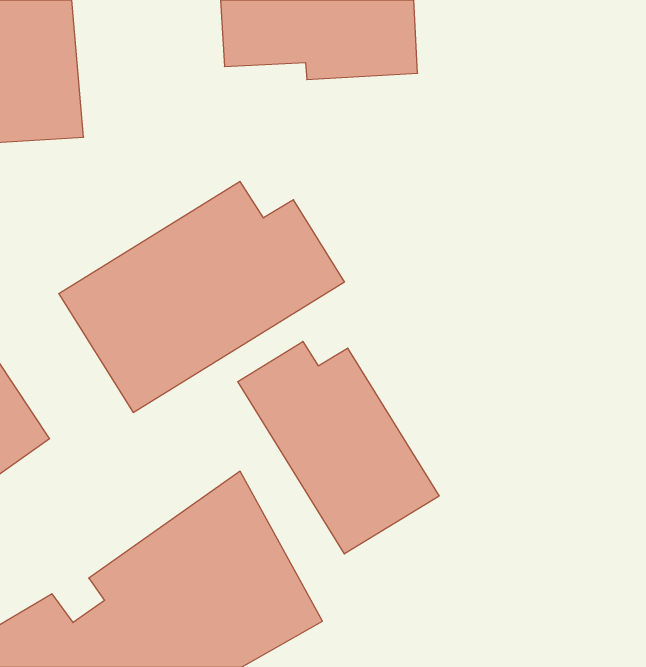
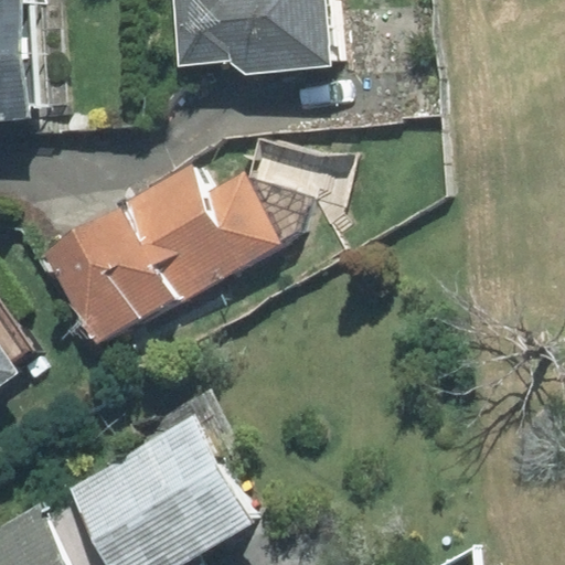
building: [238,341,439,554] -> none

